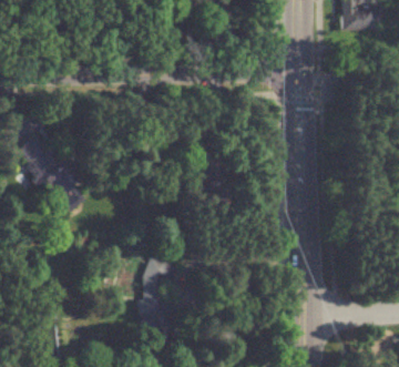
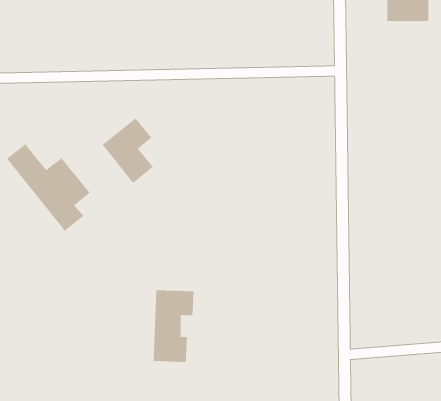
building: none -> [102,117,154,184]

